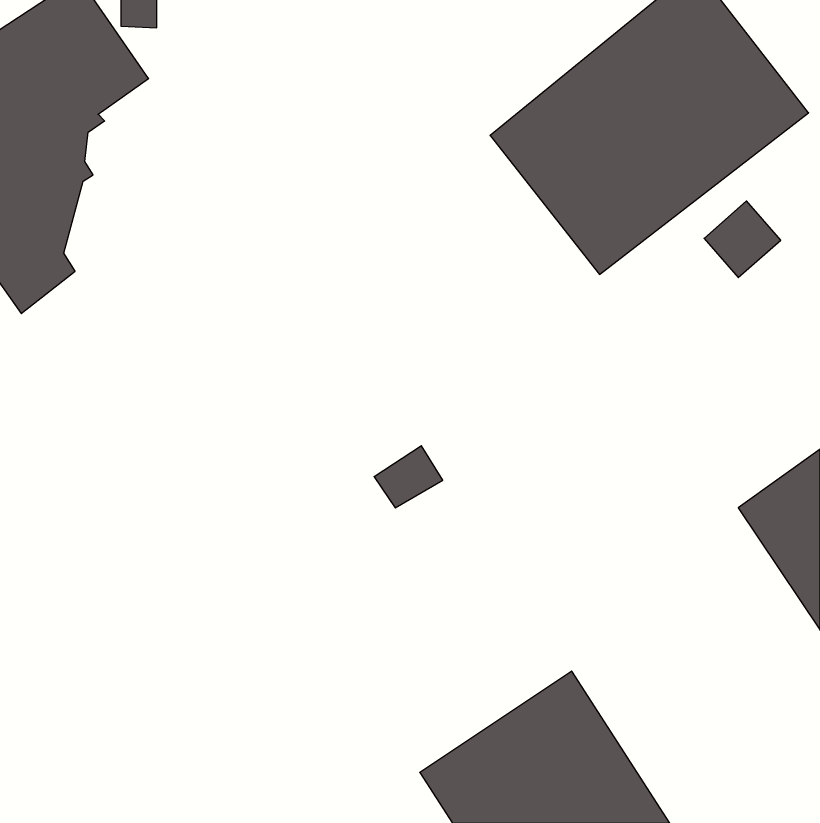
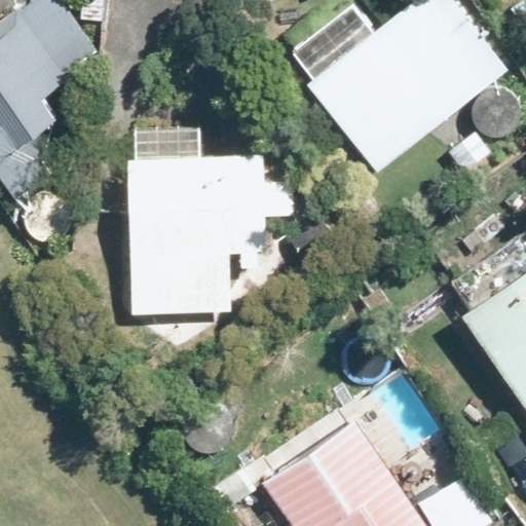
building: none -> [129,130,292,313]

